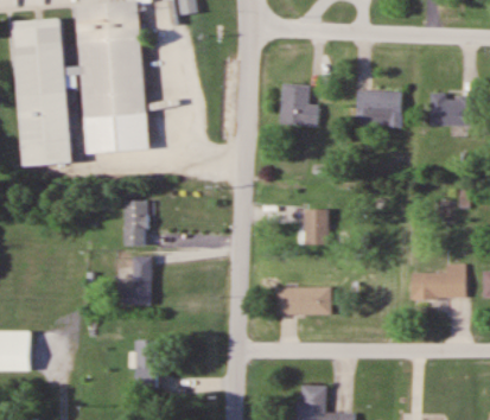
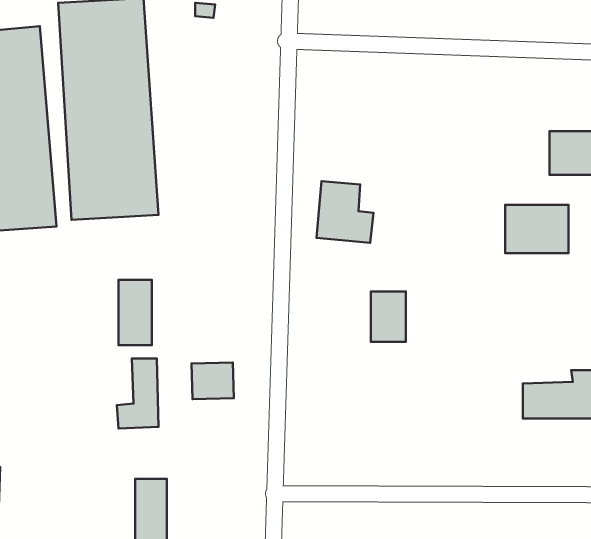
building: [275,83,316,127] -> [317,181,373,243]
building: [355,91,400,126] -> [505,205,569,253]
building: none -> [192,362,234,399]
building: [273,287,329,314] -> none

